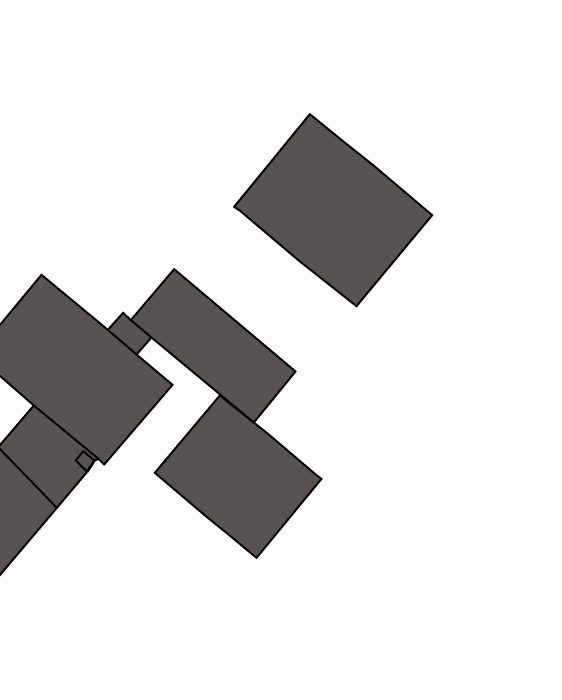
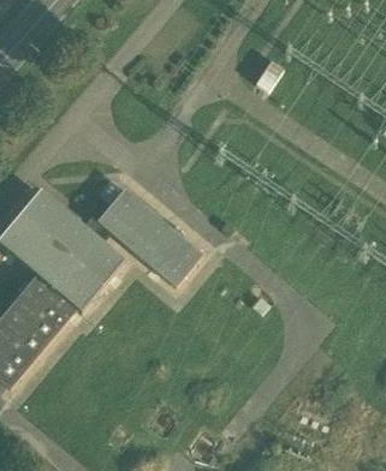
building: [234,114,432,306] -> none
building: [155,396,322,558] -> none

